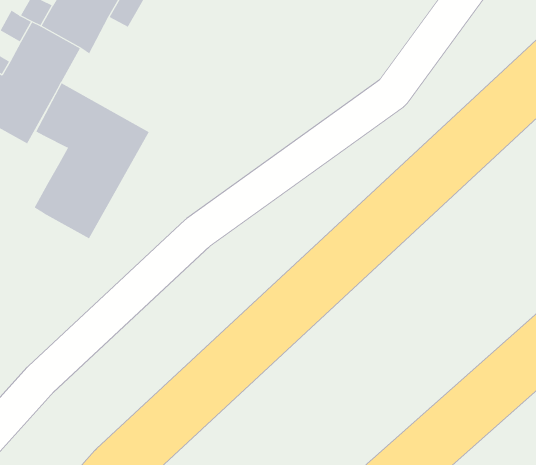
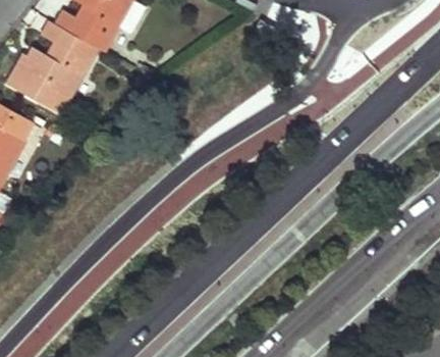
building: [34,83,150,239] -> none

